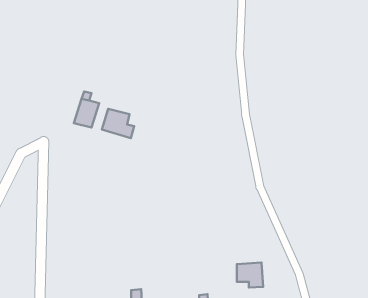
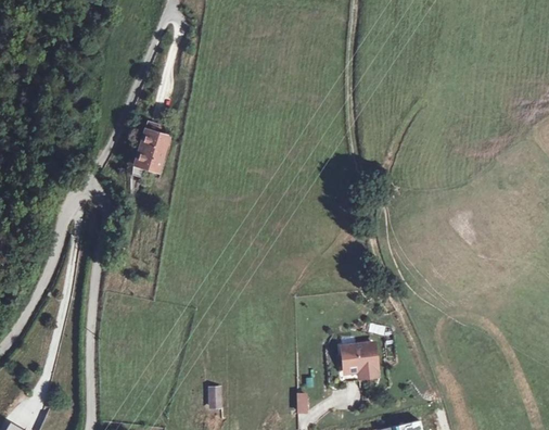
building: [102,109,134,138] -> none

